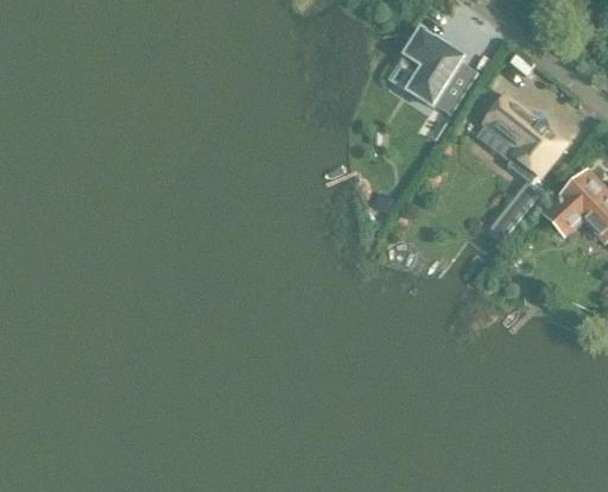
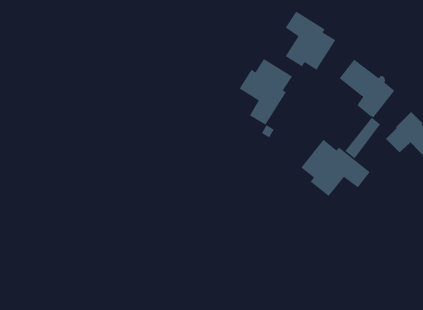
building: none -> [239,58,293,126]
building: none -> [300,139,371,197]

